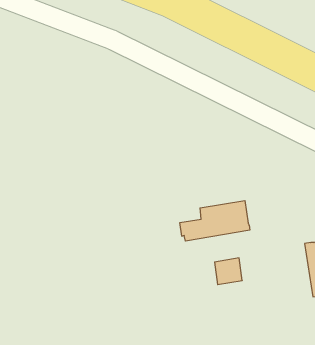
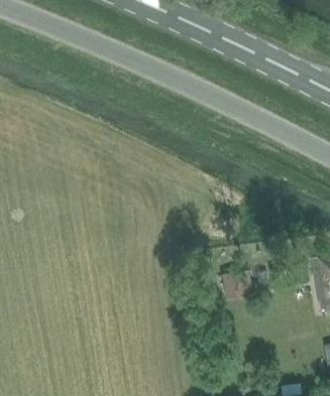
building: [180,201,250,241] -> none

